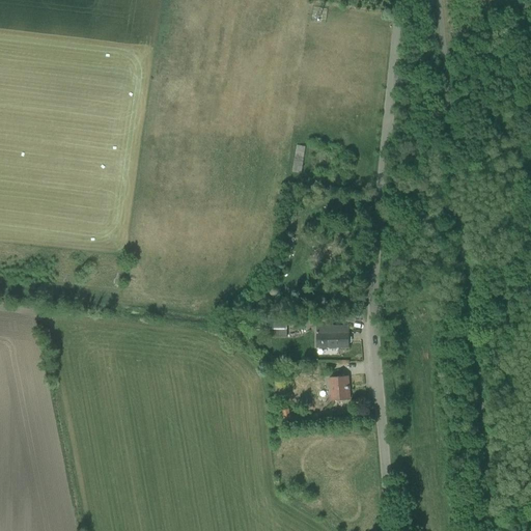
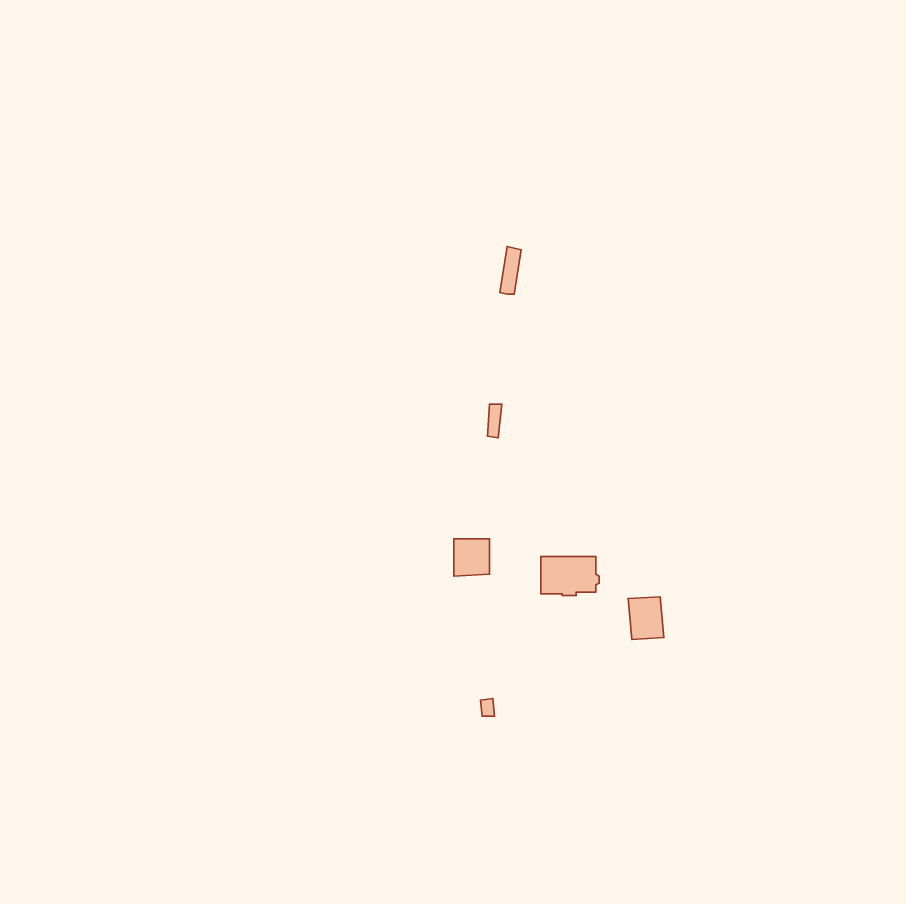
building: [329,375,350,400] -> [628,597,664,639]

